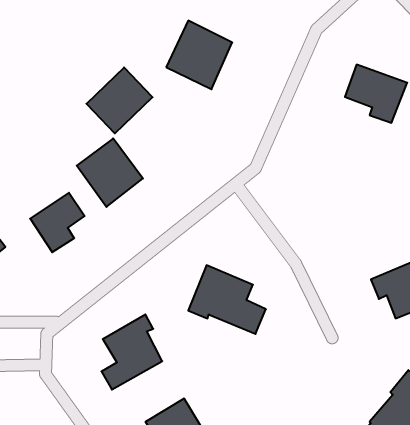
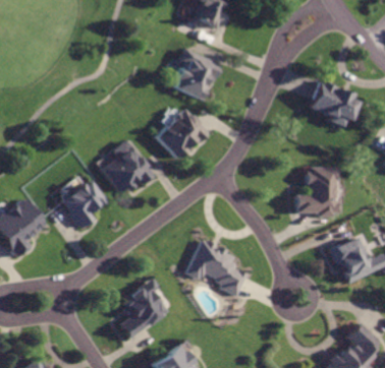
building: [86,67,153,133] -> [155,109,207,161]
building: none -> [294,167,341,216]

